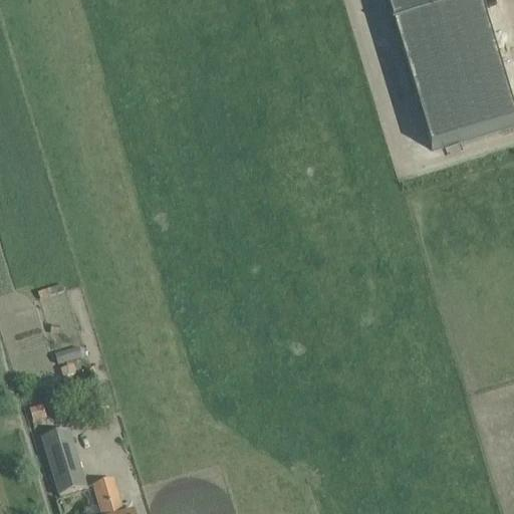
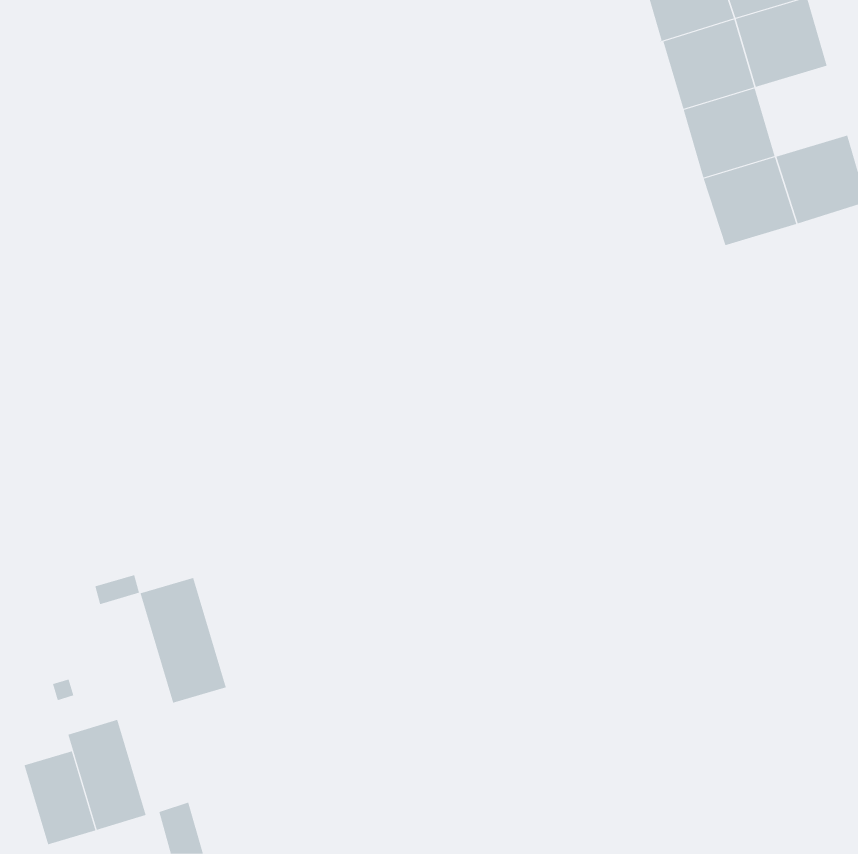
building: [452,39,507,93] -> none
building: none -> [140,577,227,704]
building: none -> [24,750,96,845]

